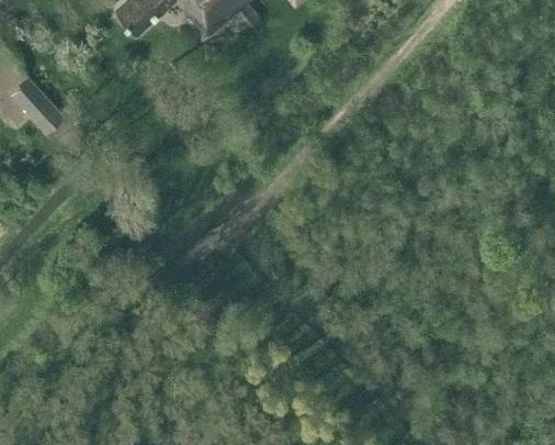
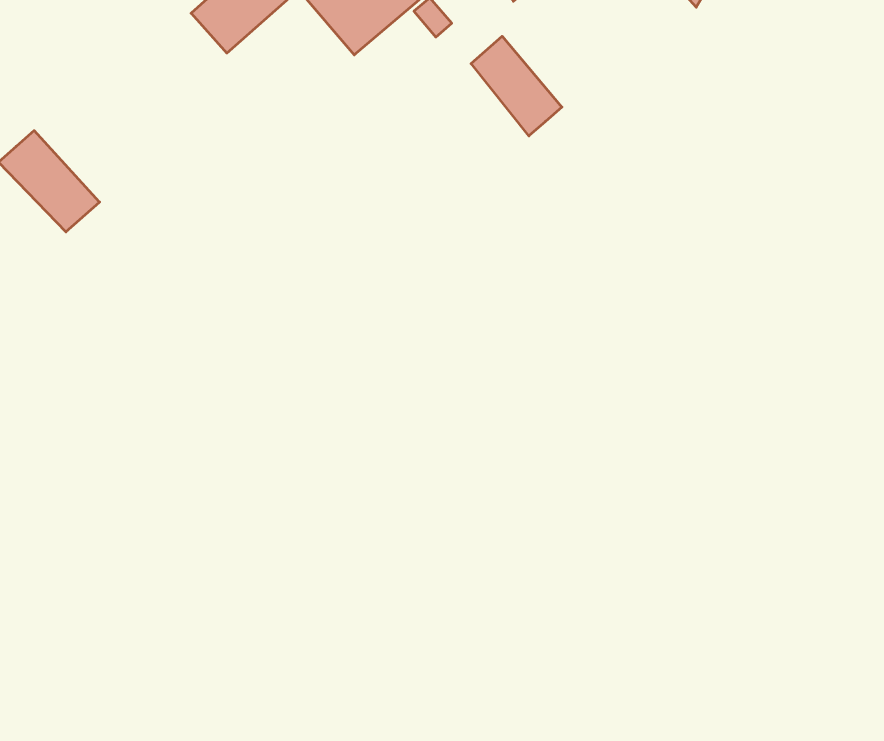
building: none -> [471,36,562,136]

